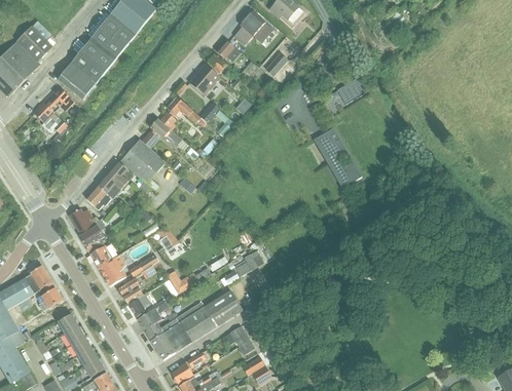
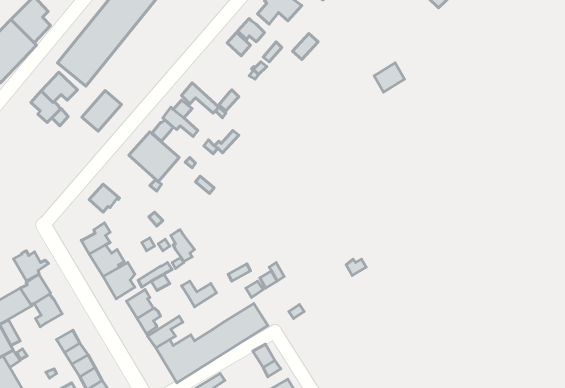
building: [188,64,219,94] -> none
building: [313,128,361,188] -> none
building: [98,162,133,198] -> [82,90,121,131]
building: [68,208,99,235] -> [14,251,49,281]

